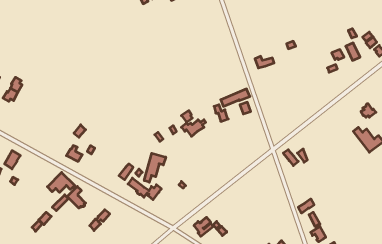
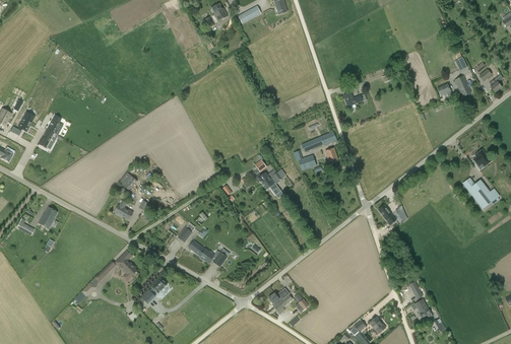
building: [144,153,166,182] -> none
building: [47,172,75,192] -> none

